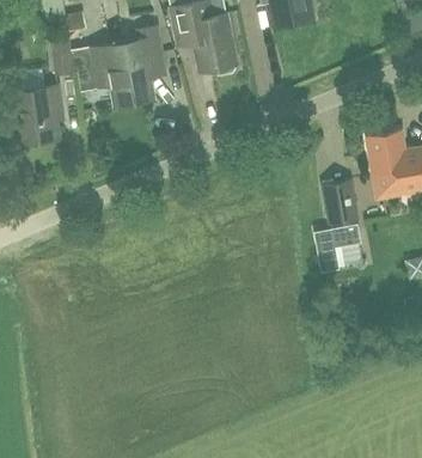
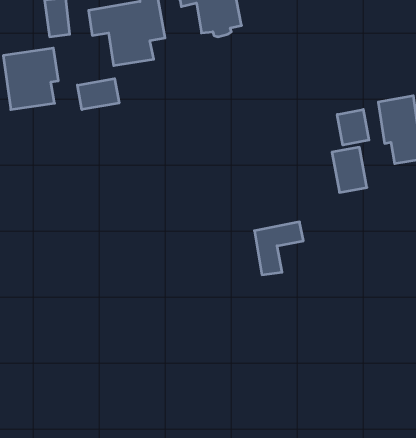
building: none -> [77,79,119,110]
building: none -> [337,109,369,145]
building: [312,228,359,279] -> [254,222,303,275]

